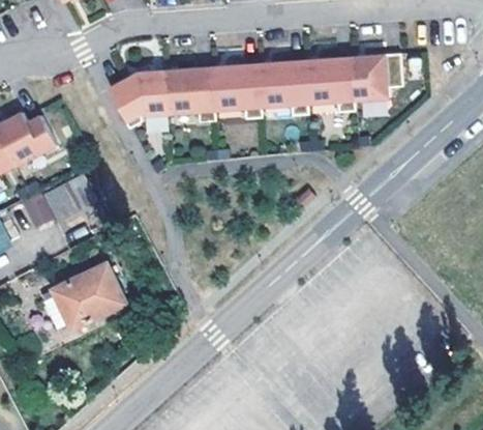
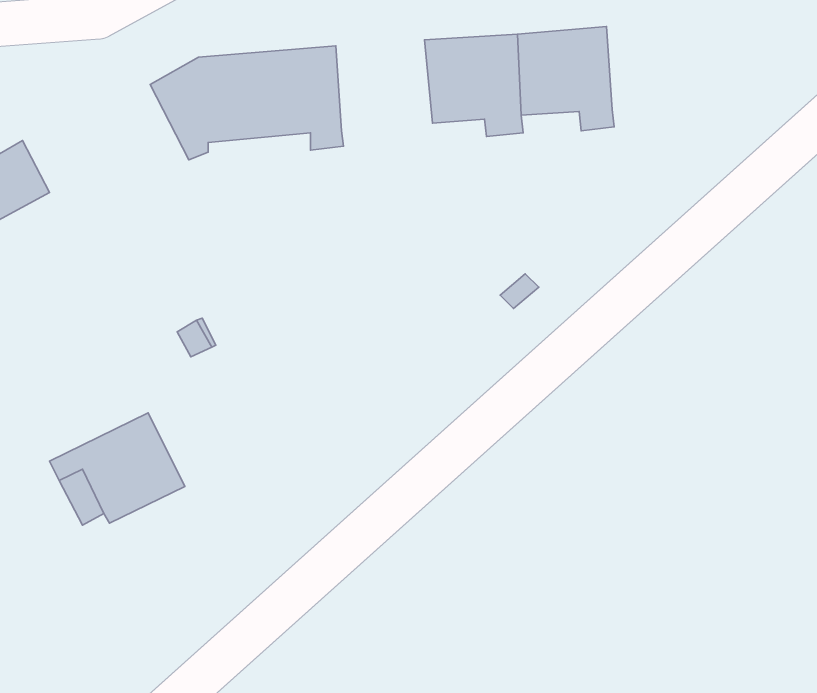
building: [351,53,402,101] -> none
building: [206,63,259,119] -> none
building: [40,175,95,224] -> none

